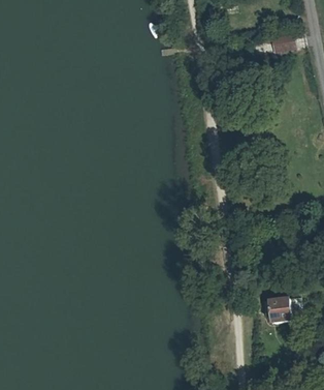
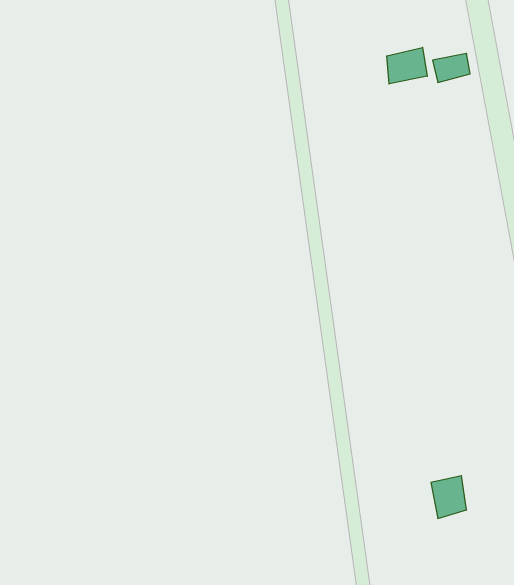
building: none -> [387,47,427,84]

